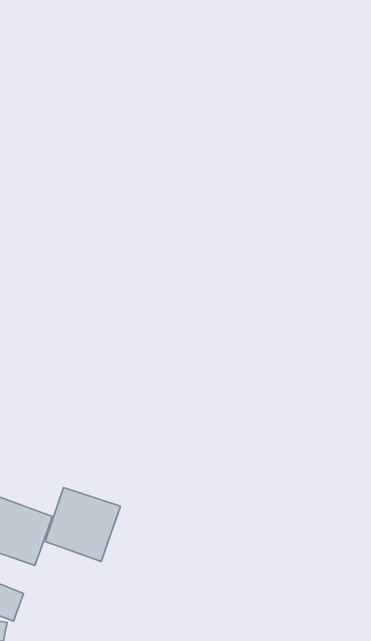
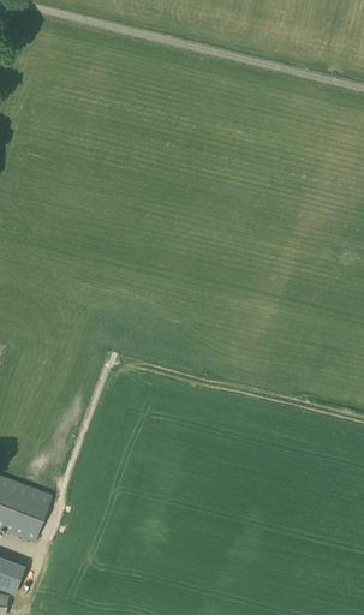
building: [45,487,120,561] -> none

